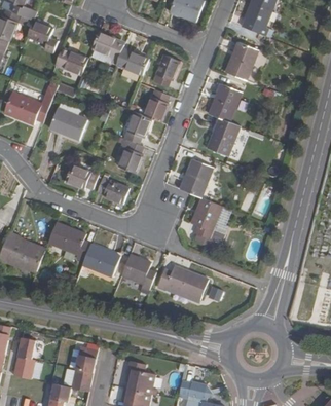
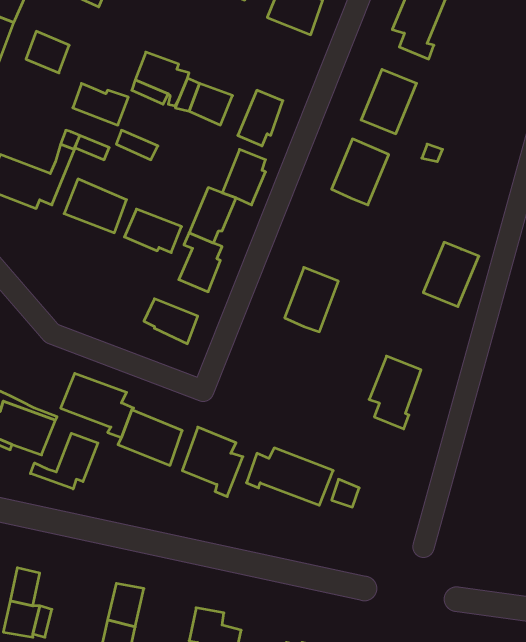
building: [207,118,240,156] -> [423,242,479,307]
building: [64,163,98,189] -> [124,209,182,253]
building: [190,197,221,241] -> [369,356,421,429]
building: none -> [30,433,98,489]

